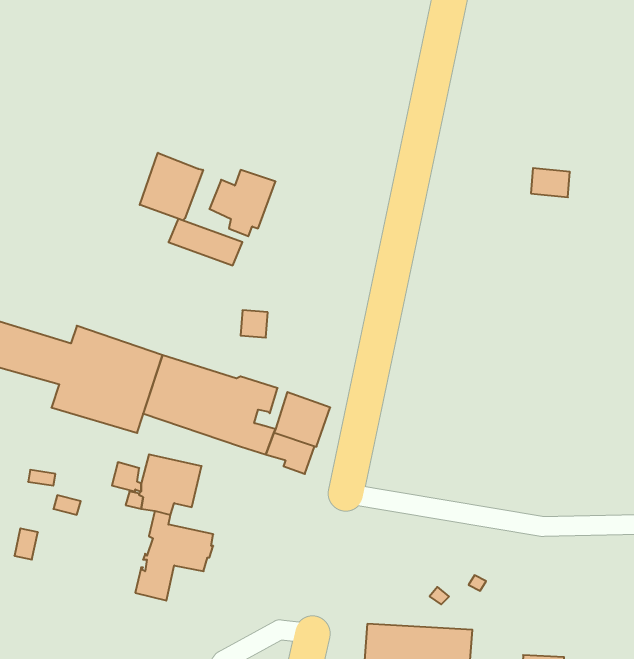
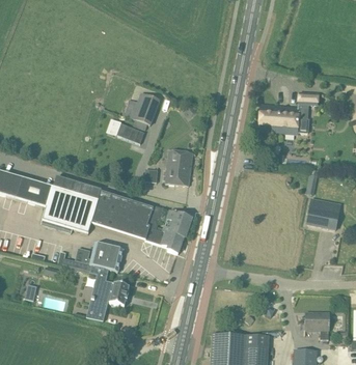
building: [140,153,203,221] -> none
building: none -> [259,106,309,134]
building: none -> [165,149,193,186]
building: none -> [306,199,340,230]
building: none -> [305,313,329,339]

